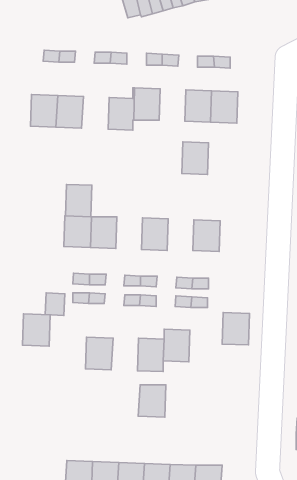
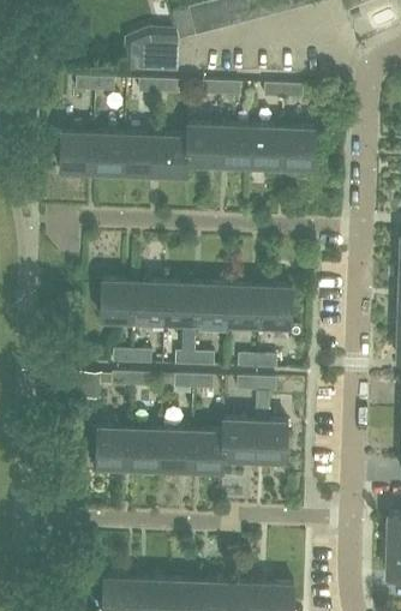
building: none -> [136,41,176,72]
building: none -> [122,136,156,175]
building: [182,142,208,174] -> [217,126,250,166]
building: [65,184,92,217] -> [164,282,197,322]
building: none -> [227,284,259,323]
building: [222,312,250,345] -> [253,420,287,460]
building: [22,314,50,346] -> [95,427,128,467]
building: [138,385,166,417] -> [158,430,192,469]

